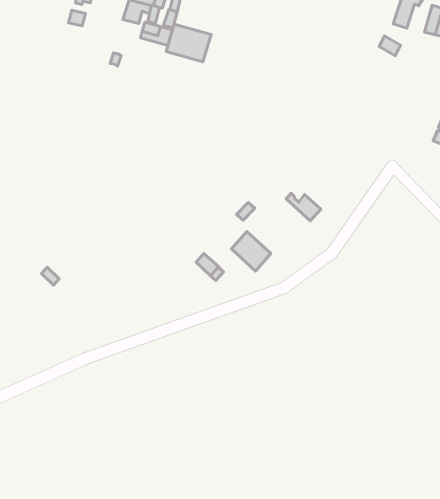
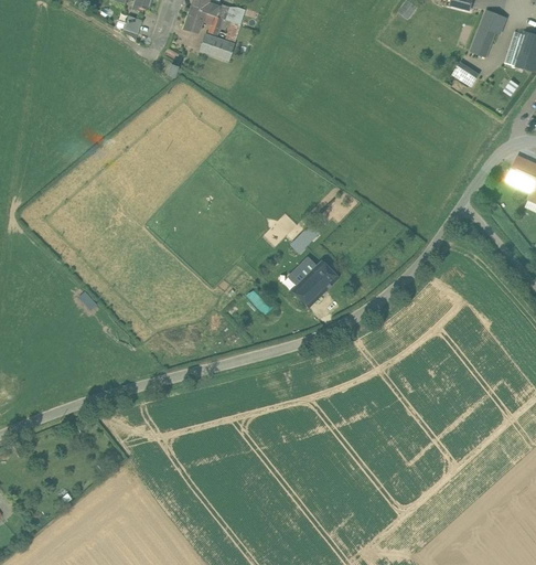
building: [166,24,211,62] -> none
building: [286,193,321,221] -> [301,258,337,289]

